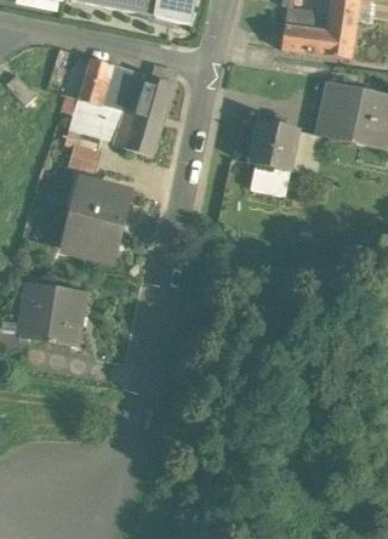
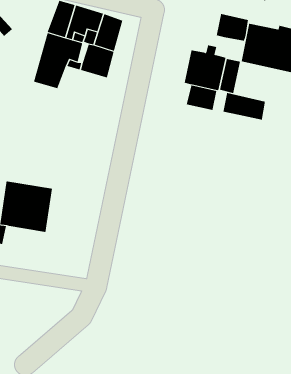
building: none -> [216,13,248,42]
building: none -> [223,92,265,121]
building: [73,180,127,257] -> none

